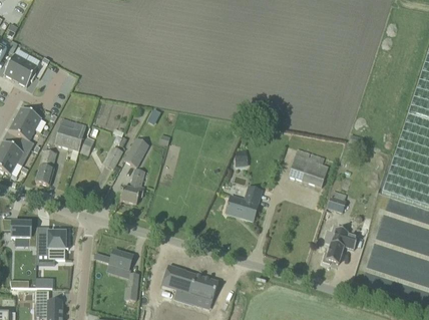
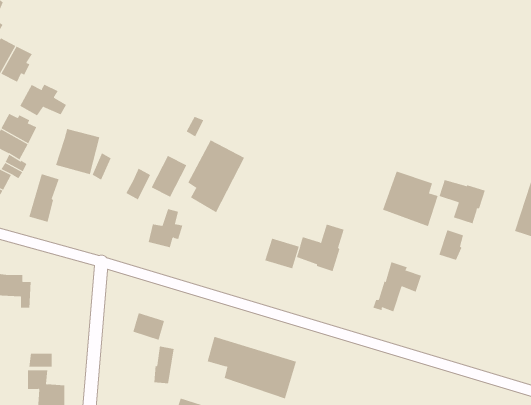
building: none -> [19,84,67,116]
building: none -> [188,140,245,213]
building: none -> [439,177,485,224]
building: none -> [265,238,299,269]
building: [323,227,358,263] -> [373,262,422,312]
building: [36,232,68,259] -> none

